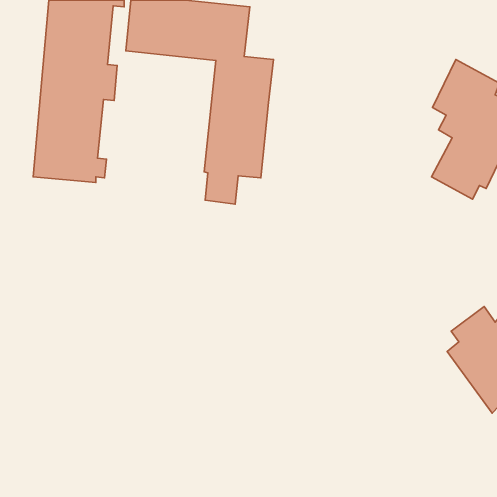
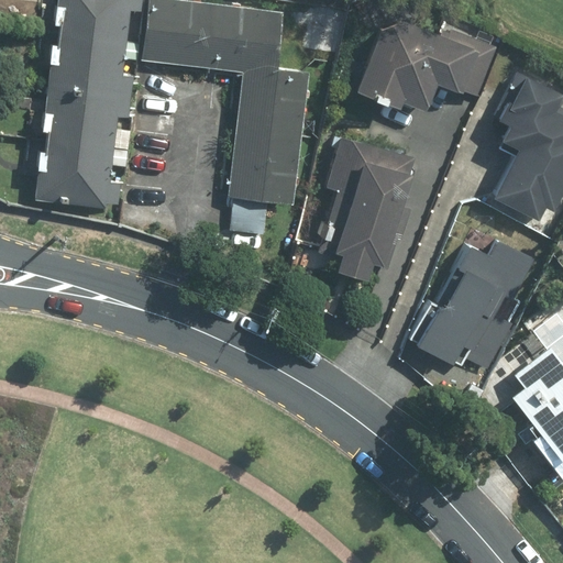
building: none -> [352,7,501,120]
building: none -> [316,139,410,288]
building: none -> [409,240,529,372]

